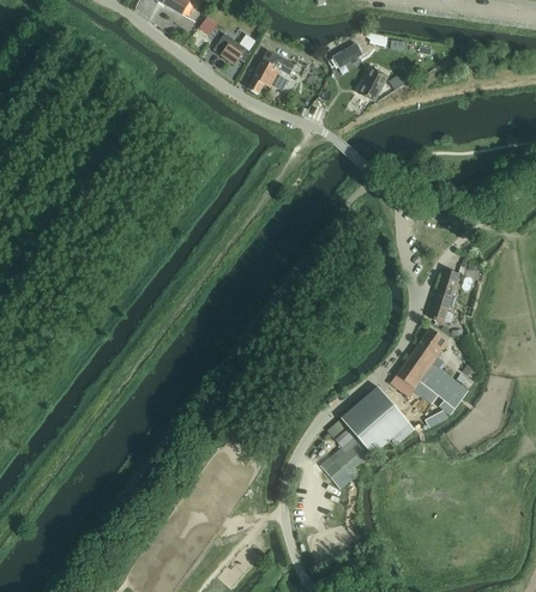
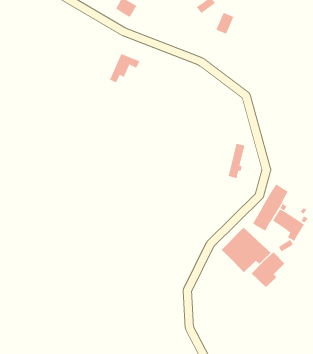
building: [247,52,295,95] -> [109,54,140,83]
building: [429,270,458,322] -> [228,143,245,179]
building: [320,436,372,489] -> [251,252,285,288]

